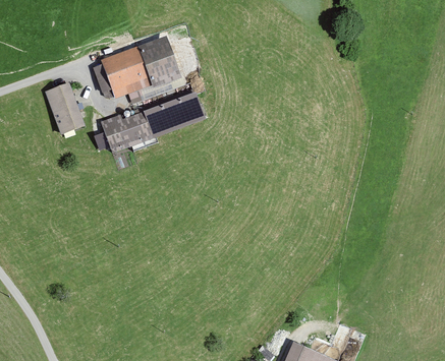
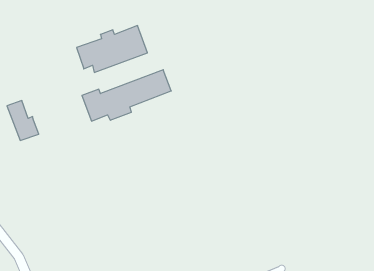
building: [46,85,82,131] -> [7,101,39,140]

